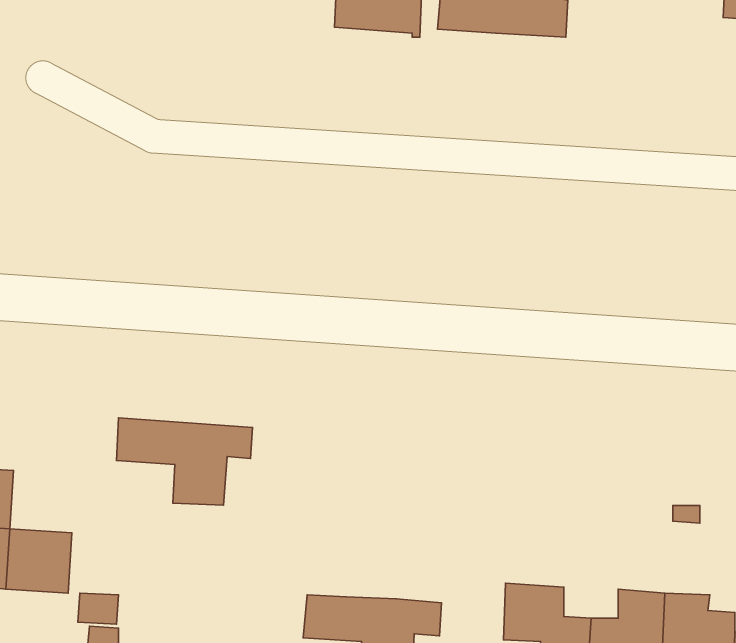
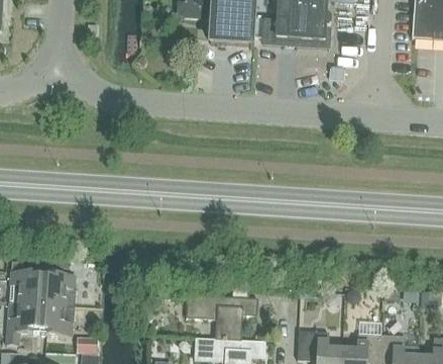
building: [116,418,253,505] -> [186,293,256,339]
building: none -> [40,272,75,304]

